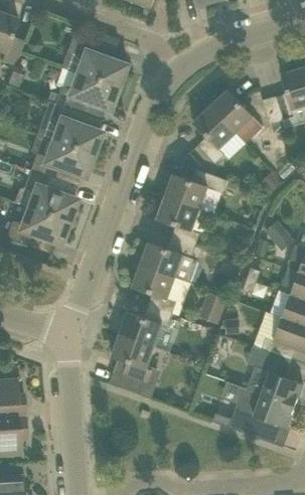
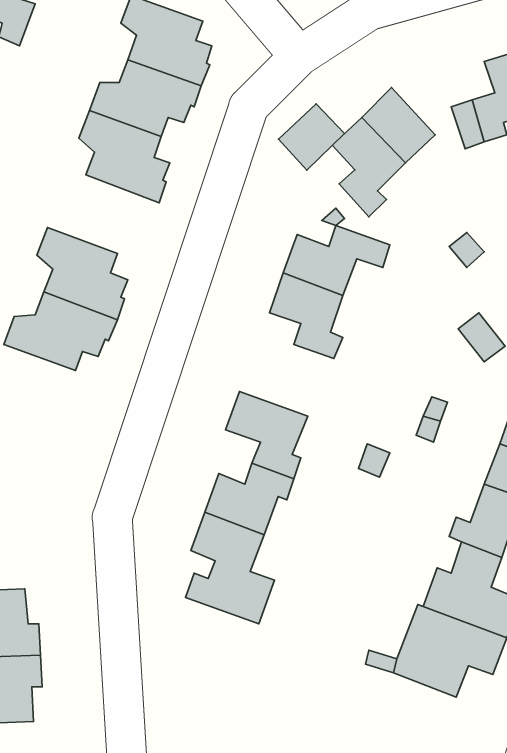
building: none -> [278,104,344,170]
building: [29,140,94,185] -> none
building: [140,237,202,283] -> none

